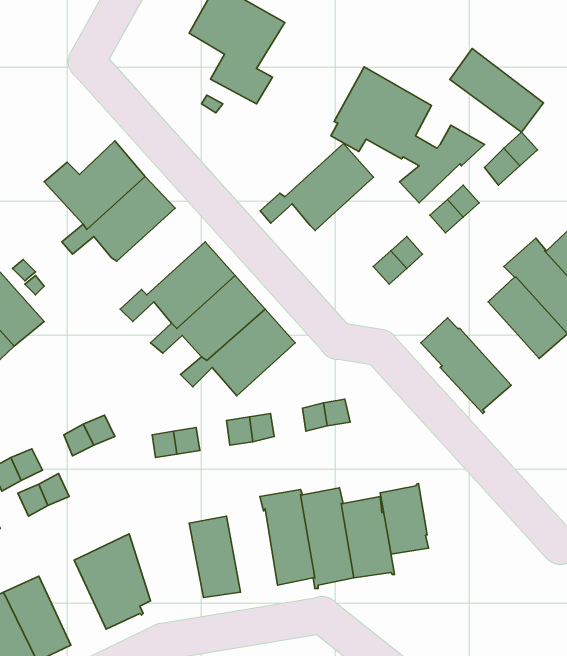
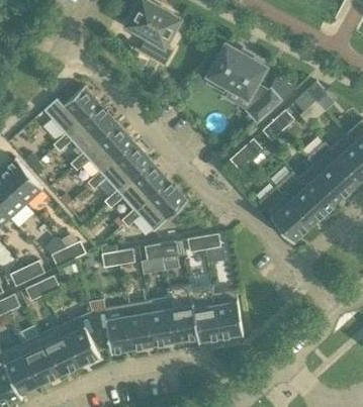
building: [450,48,544,132] -> none
building: [260,144,373,230] -> [70,125,134,175]
building: none -> [273,172,326,226]
building: [380,484,429,554] -> none
building: none -> [147,297,176,344]
building: none -> [88,299,133,353]
building: none -> [39,326,78,375]

